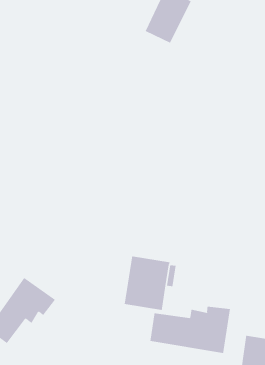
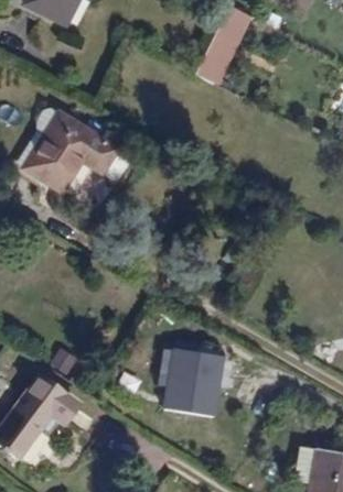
building: none -> [23,111,128,192]
building: [150,306,231,354] -> none

